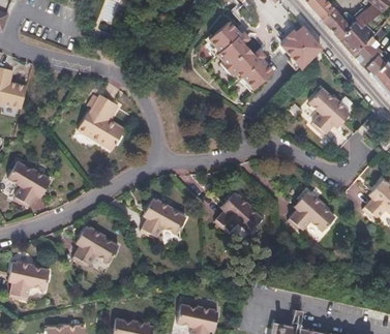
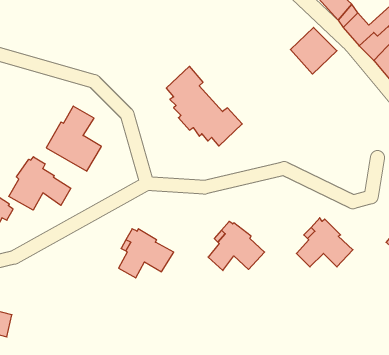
building: [212,26,276,93] -> [166,66,242,146]
building: [308,87,350,134] -> none
building: none -> [9,157,71,210]
building: [71,223,118,266] -> none

